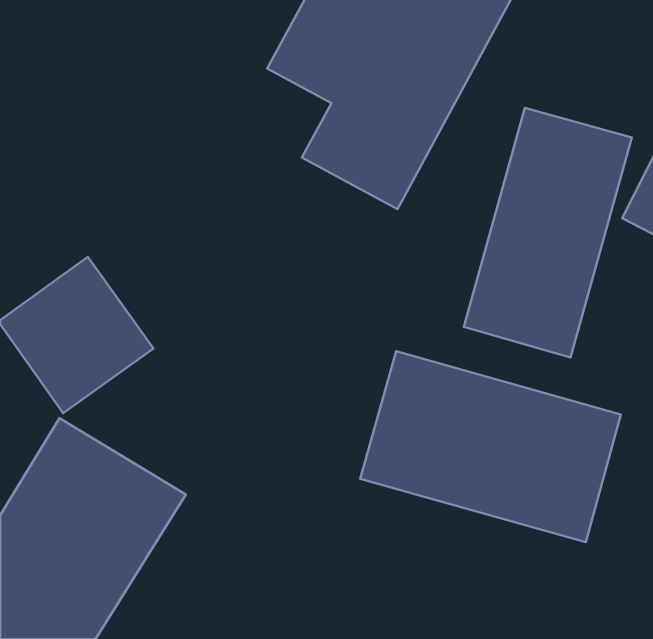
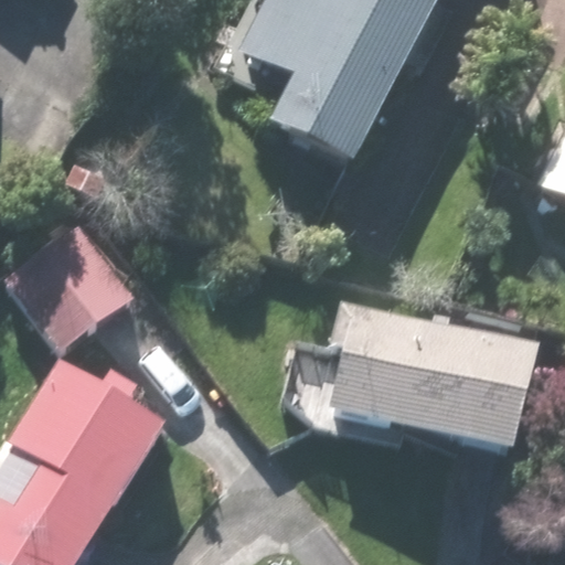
building: [464,108,632,358] -> none

